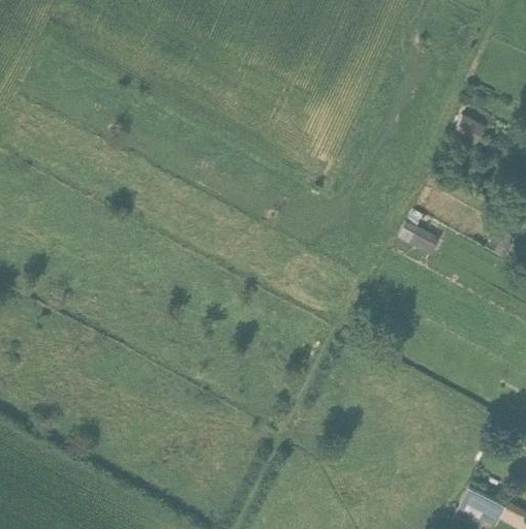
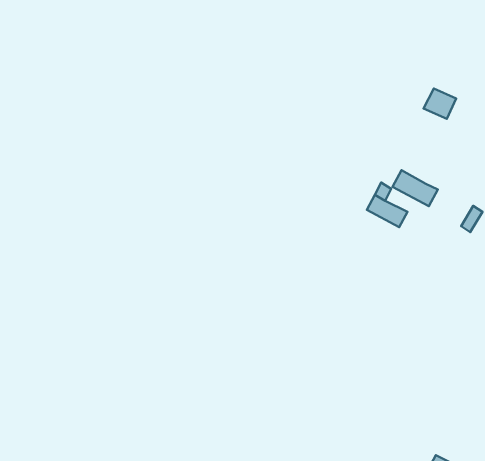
building: none -> [393,170,438,206]

